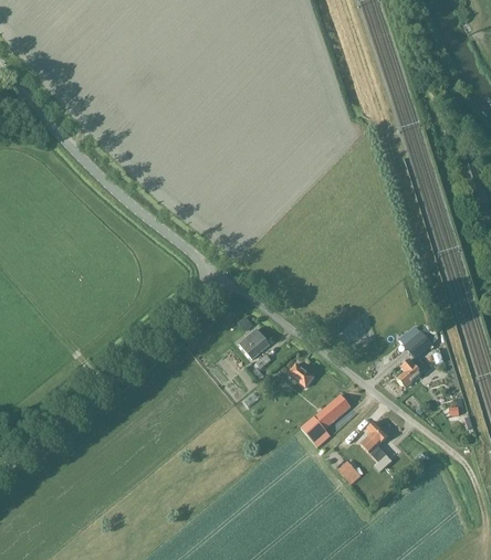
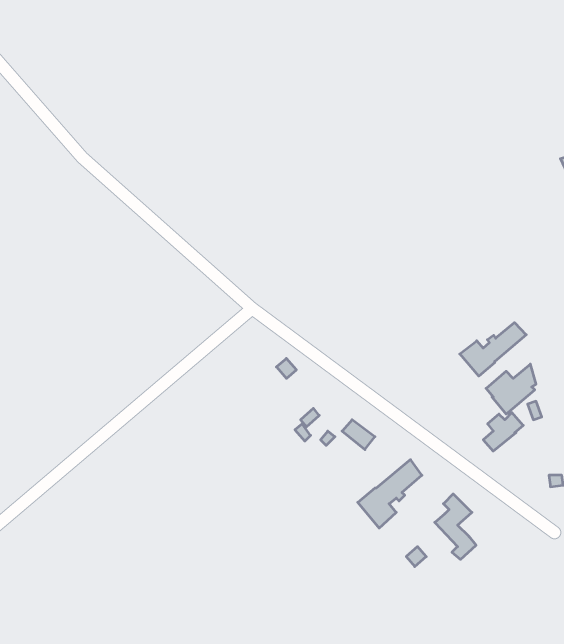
building: none -> [460,323,526,376]
building: [239,328,269,359] -> none

